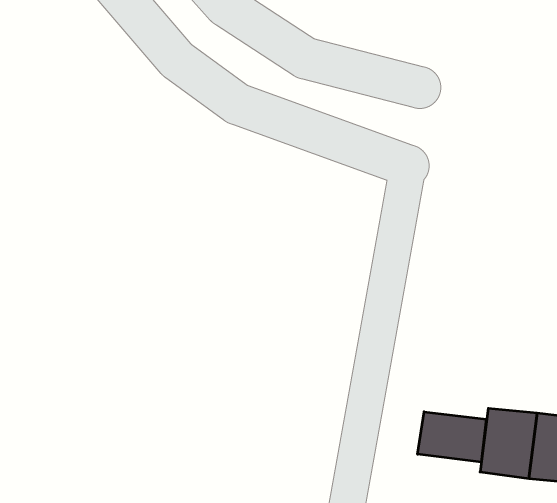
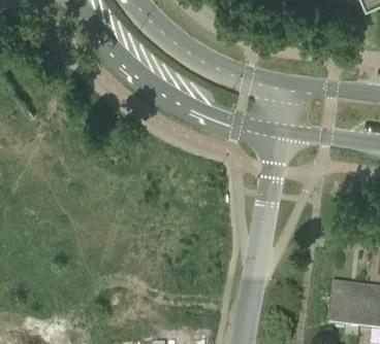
building: [418,412,486,462] -> none

